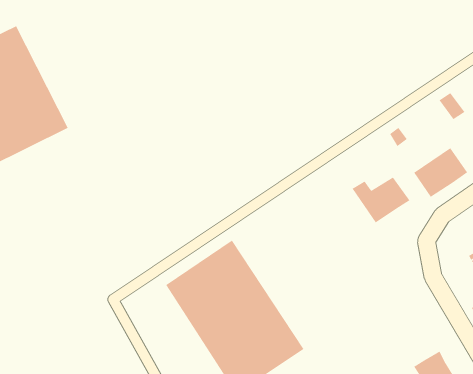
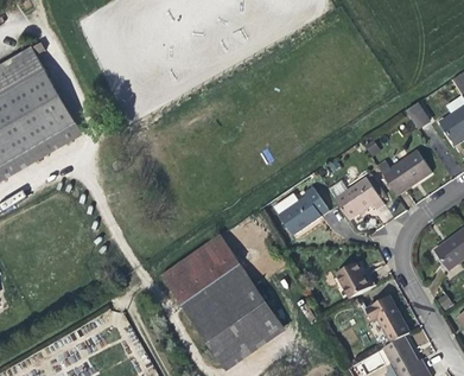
building: none -> [278,189,328,237]
building: none -> [337,260,374,295]
building: none -> [366,297,411,342]

